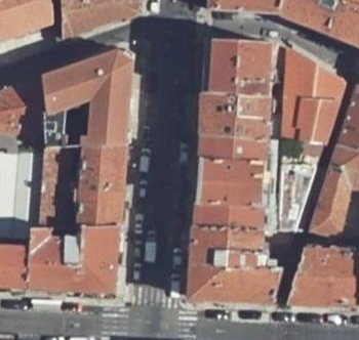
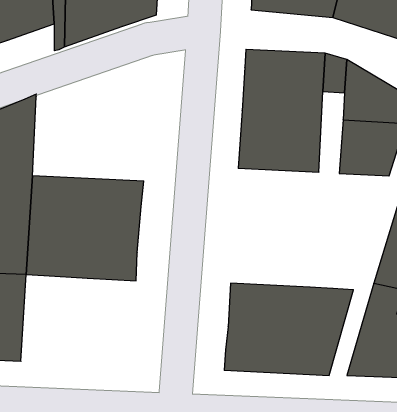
building: [37,50,132,146] -> none
building: [196,136,267,231] -> none
building: [278,140,323,233] -> none
building: [28,221,120,295] -> none

